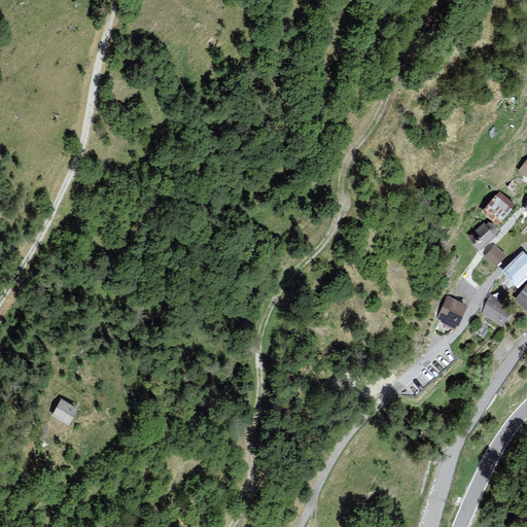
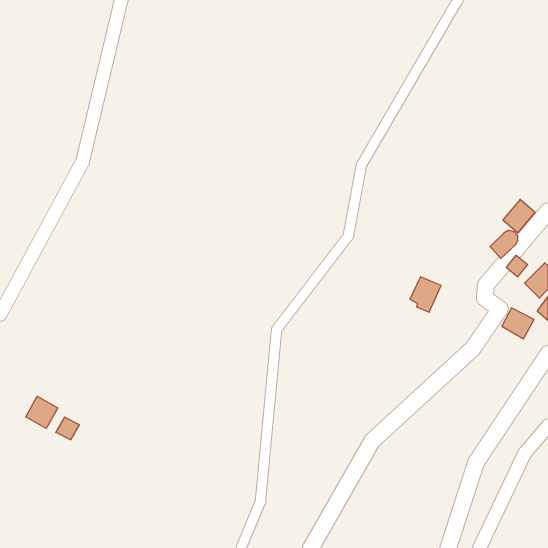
building: [436,295,466,329] -> [410,277,441,312]
building: none -> [26,396,58,428]

